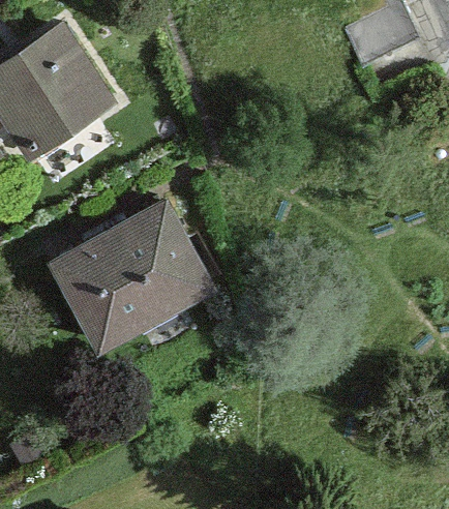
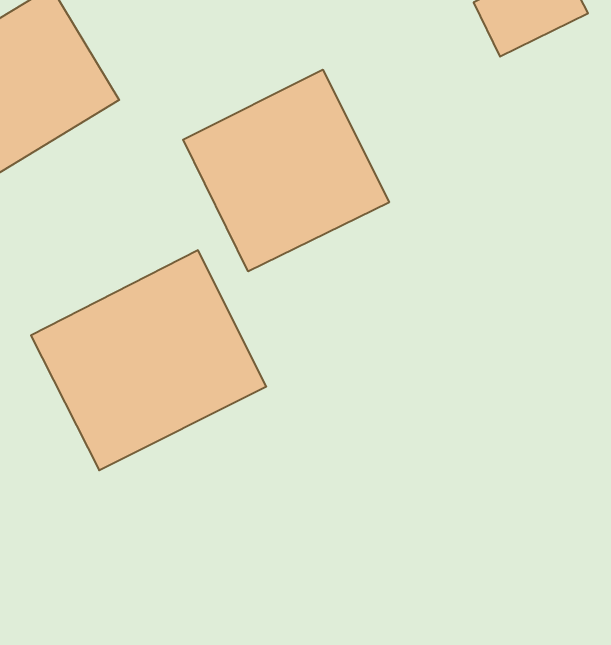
building: none -> [183,70,389,271]

